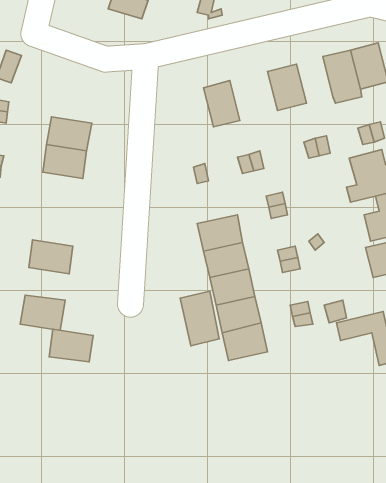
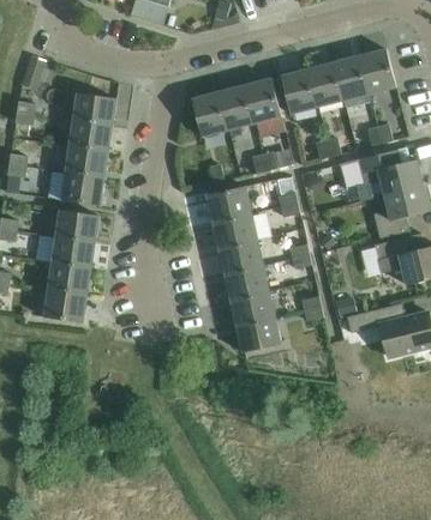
building: none -> [307,62,342,107]
building: none -> [244,79,281,123]
building: none -> [191,92,228,137]
building: none -> [73,93,115,126]
building: none -> [61,173,103,206]
building: none -> [206,186,251,222]
building: none -> [55,210,98,243]
building: [180,291,219,346] -> none
building: [49,329,93,362] -> [48,264,90,295]

